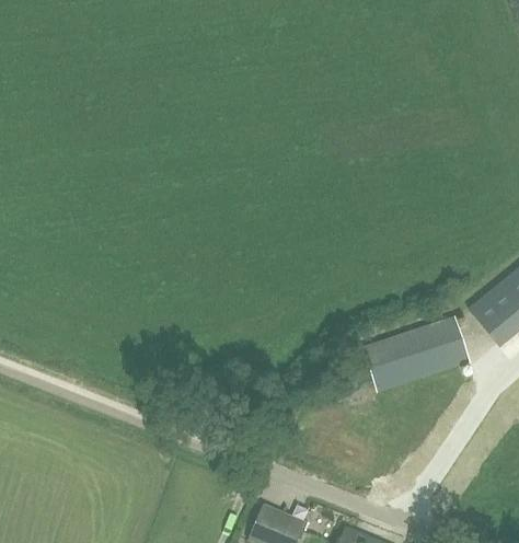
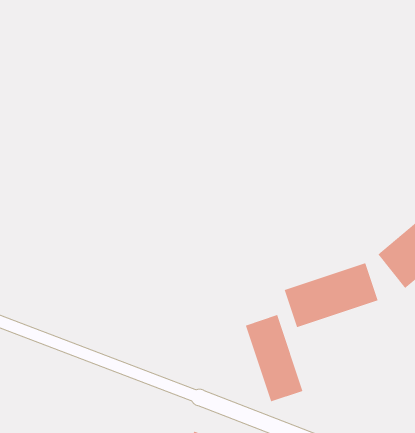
building: none -> [245,314,303,402]

